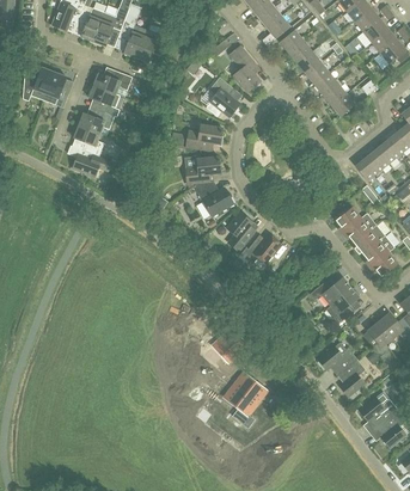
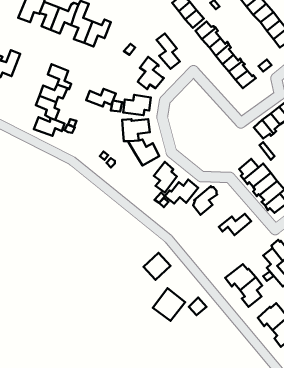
building: [93,70,131,93] -> [86,89,116,107]
building: [42,72,67,108] -> none
building: [328,287,359,324] -> [193,186,217,215]

